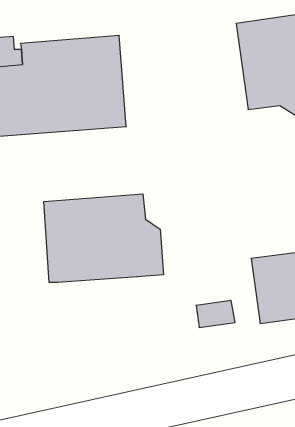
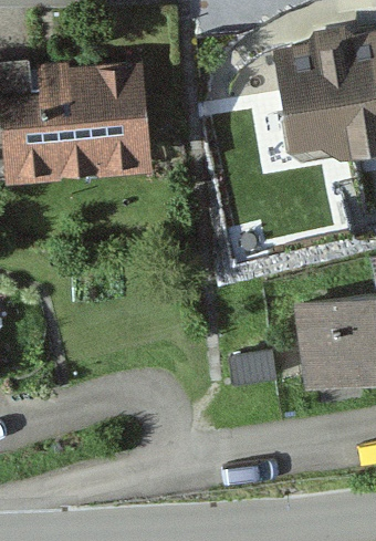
building: [44,194,164,283] -> none

